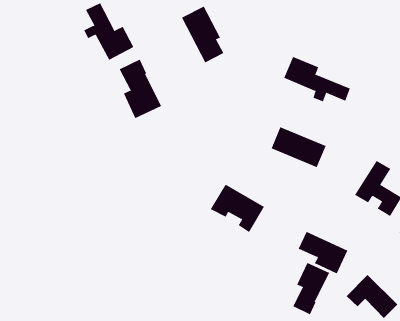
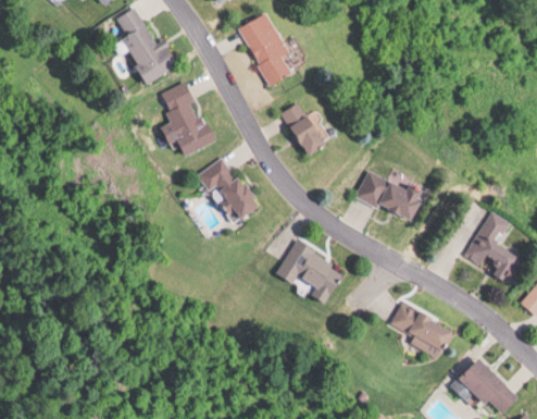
building: [283,56,351,102] -> none
building: none -> [279,100,328,157]
building: none -> [196,156,259,219]
building: [292,262,330,315] -> none

